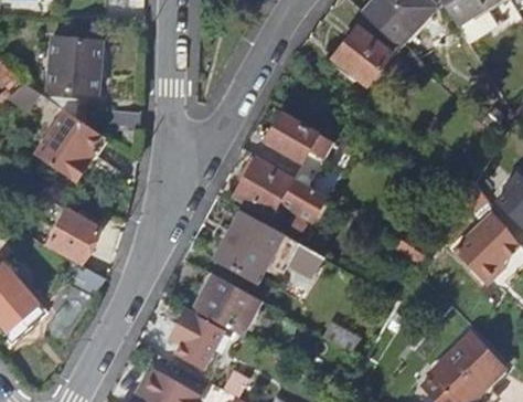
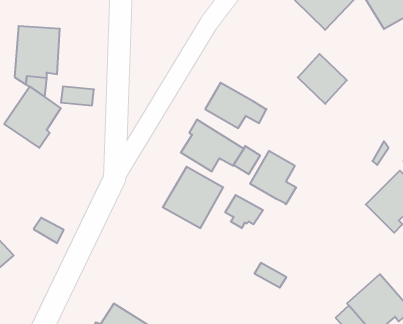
building: [338,23,395,82] -> [298,54,347,104]
building: none -> [250,151,296,204]
building: [43,214,95,265] -> none
building: [191,265,262,329] -> none
building: [167,305,225,367] -> none

